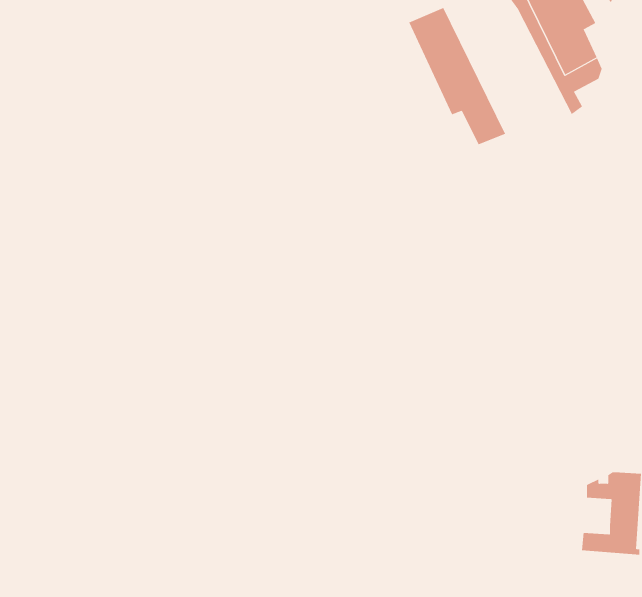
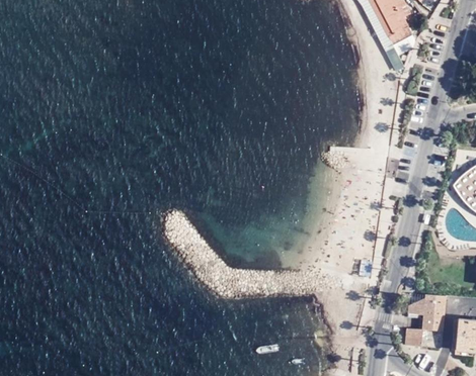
building: [408,7,506,145] -> none

